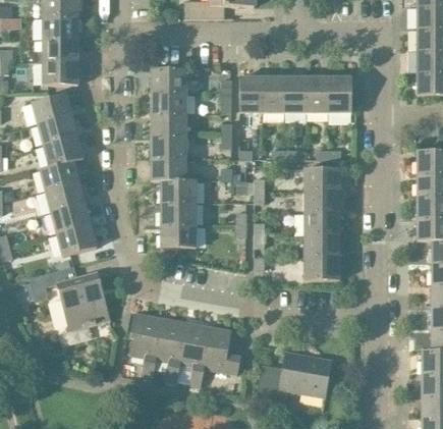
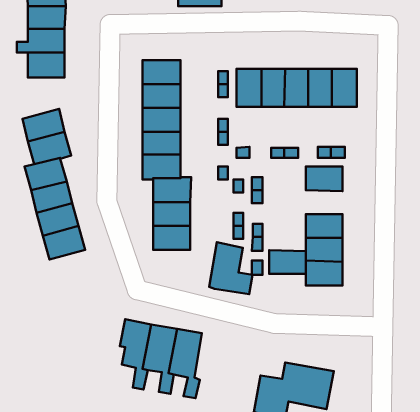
building: [32,93,72,124] -> none
building: [304,192,339,214] -> [269,250,306,274]
building: [29,266,109,331] -> none
building: [200,326,240,375] -> [209,242,252,294]

